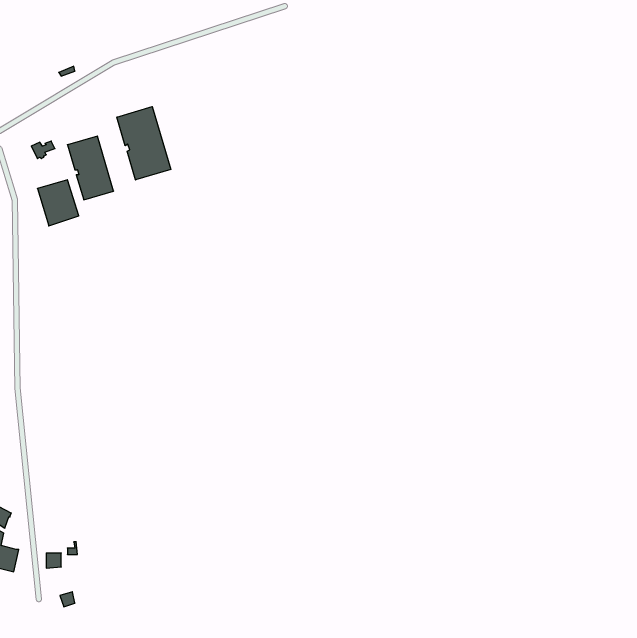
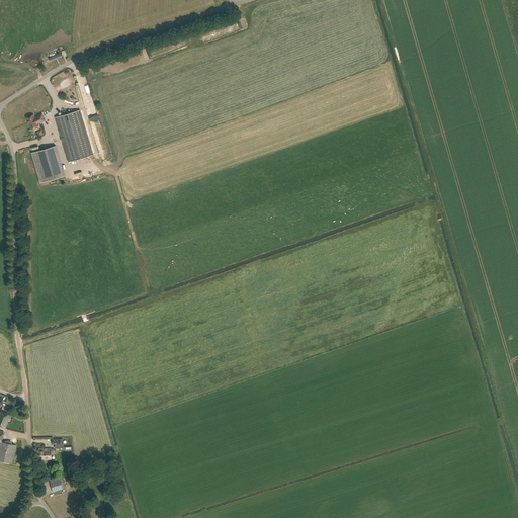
building: [117,107,171,180] -> none

